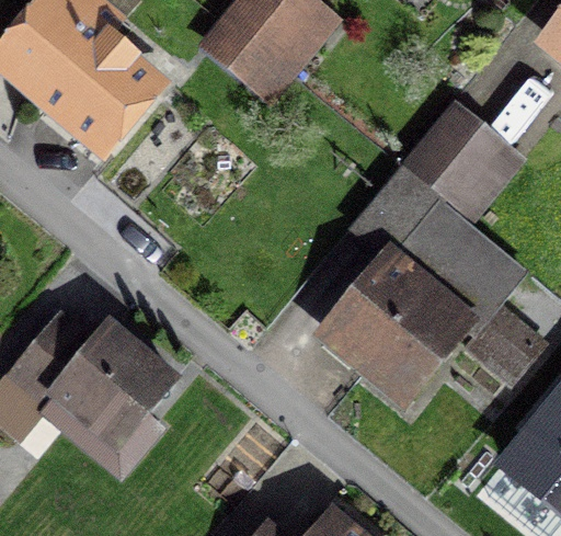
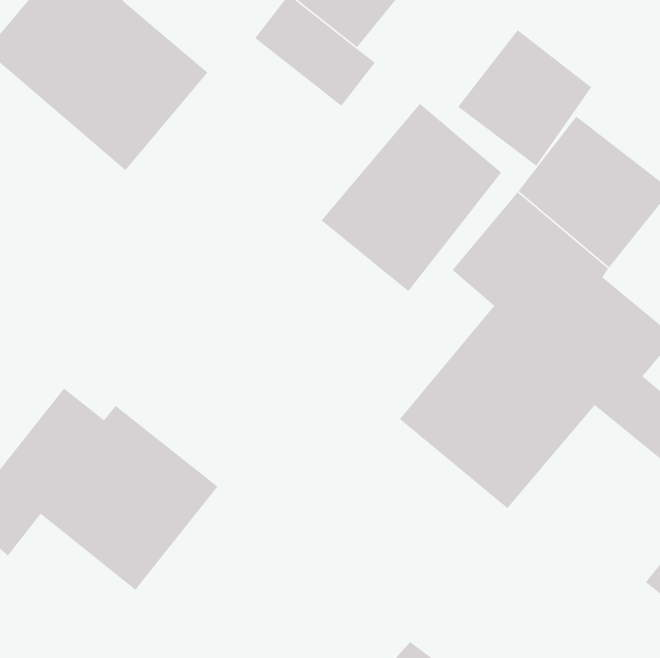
building: none -> [457,29,592,167]
building: none -> [321,103,502,292]

